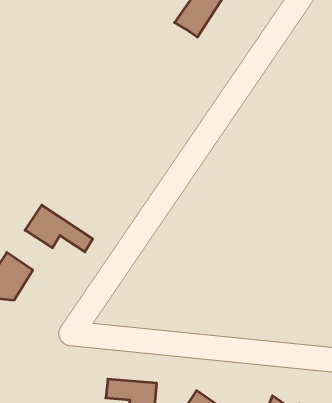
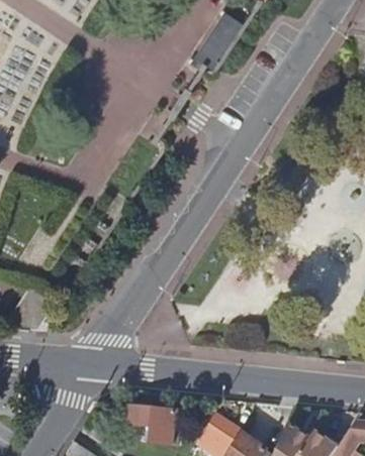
building: [25,205,93,252] -> none

